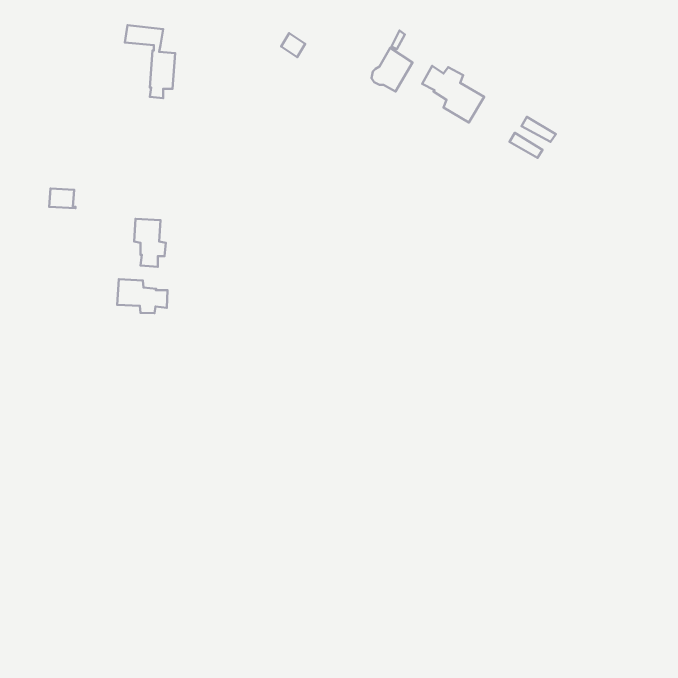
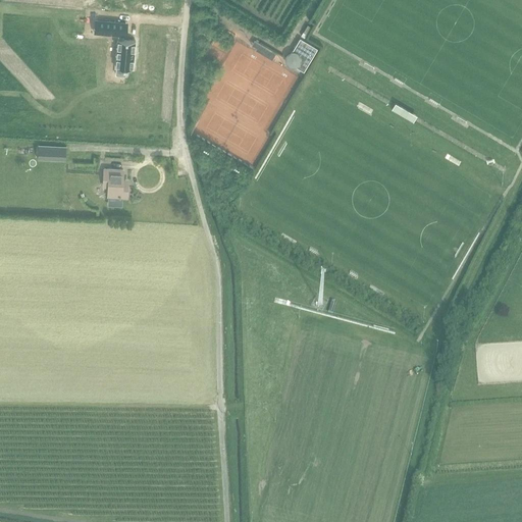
building: [422,66,484,122] -> none
building: [117,279,167,313] -> none

